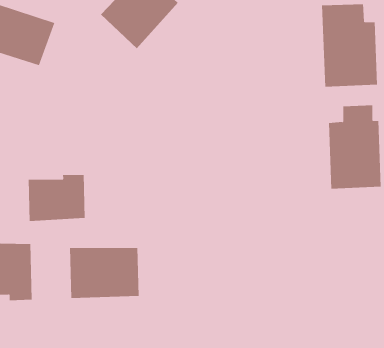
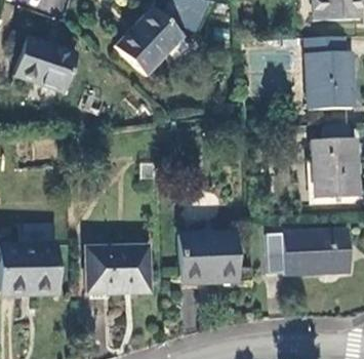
building: [28,174,85,222] -> none
building: none -> [268,231,352,277]
building: none -> [179,234,237,284]

